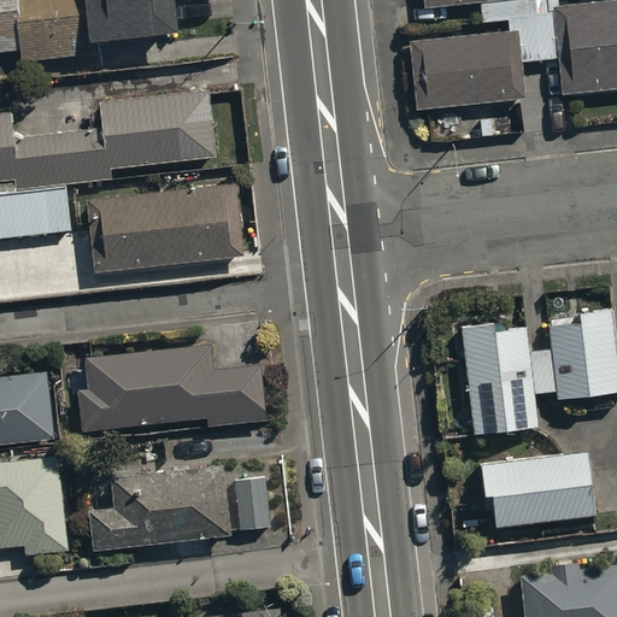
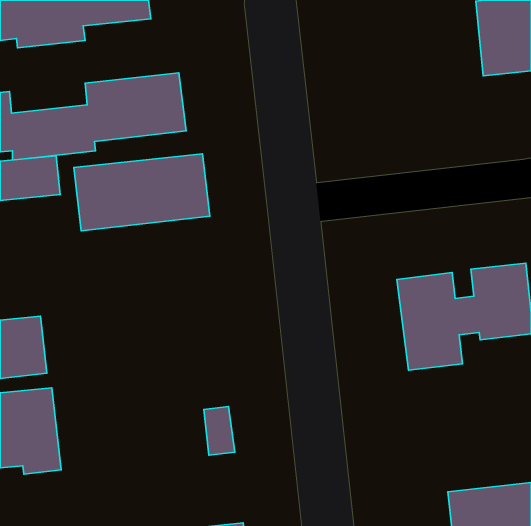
building: [409,30,524,111] -> none
building: [78,343,265,433] -> none
building: [487,453,594,528] -> none
building: [90,464,233,551] -> none

